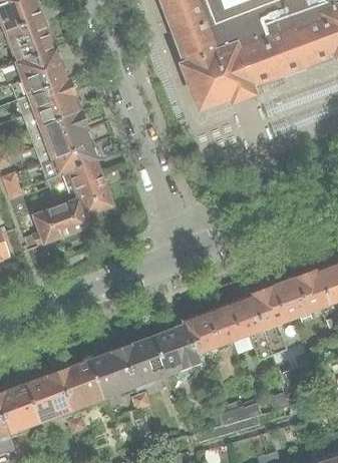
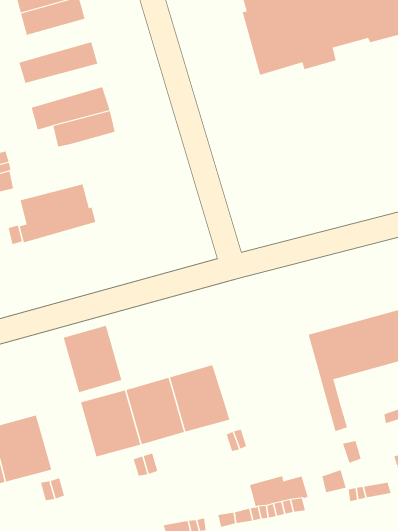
building: [16,79,74,115] -> none
building: [28,111,85,147] -> none
building: [66,160,112,216] -> none
building: [183,295,277,369] -> none
building: [58,359,104,410] -> [63,325,122,393]

